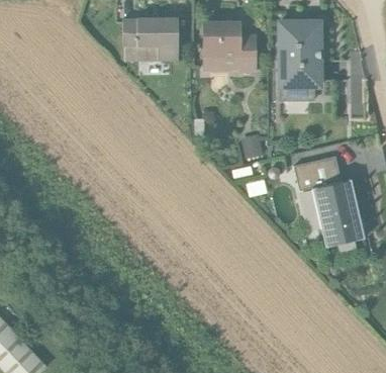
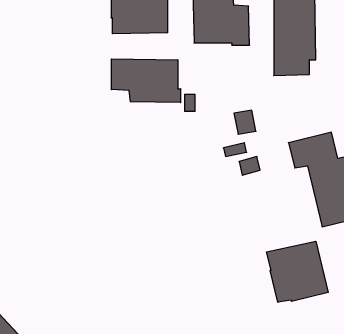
building: none -> [111,59,181,103]
building: none -> [267,241,328,302]

